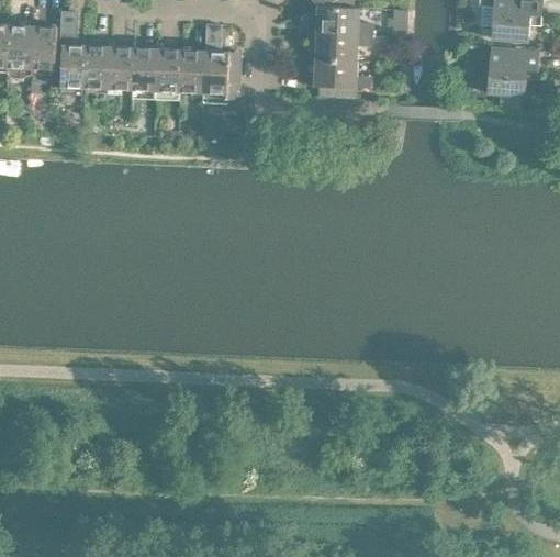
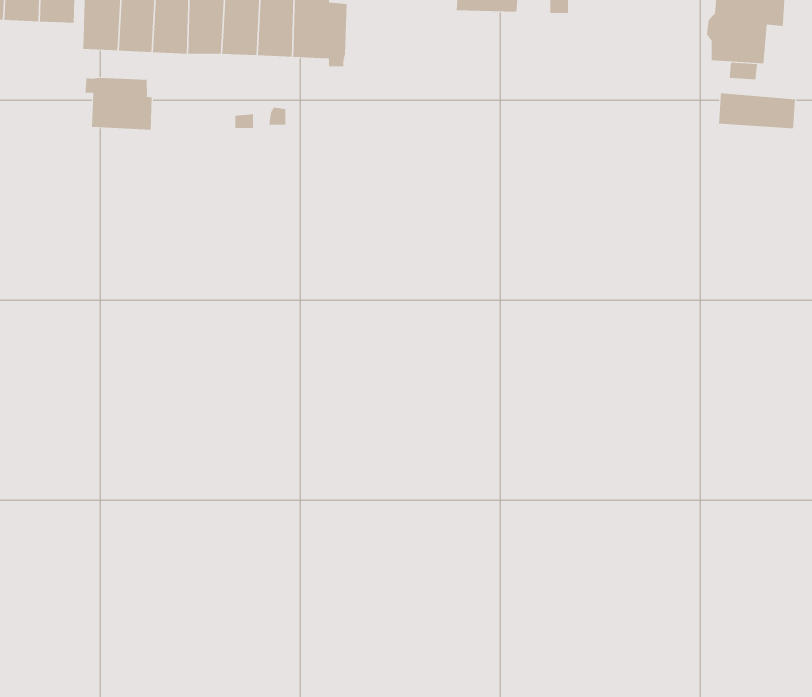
building: [305,59,370,88] -> none
building: none -> [85,77,152,131]
building: none -> [718,93,796,129]

